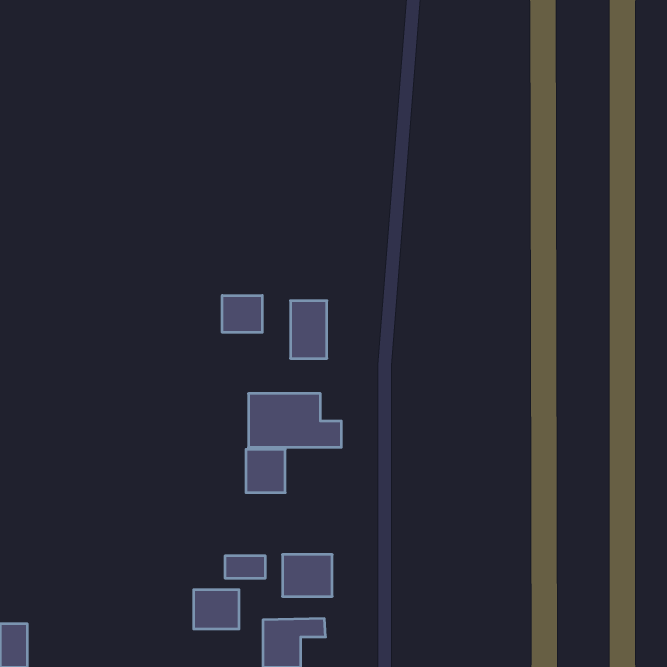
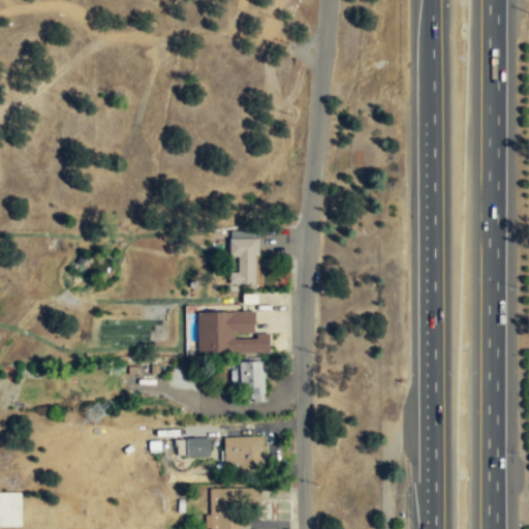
building: [222,295,262,332] -> none
building: [246,449,285,493] -> [234,360,264,394]
building: [194,590,239,629] -> none

